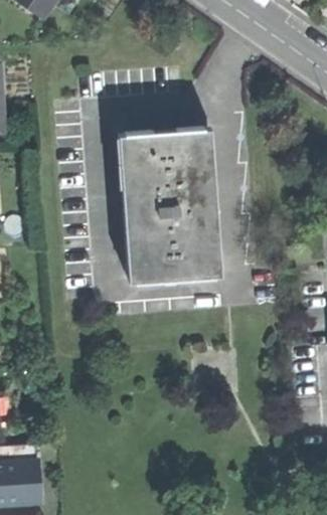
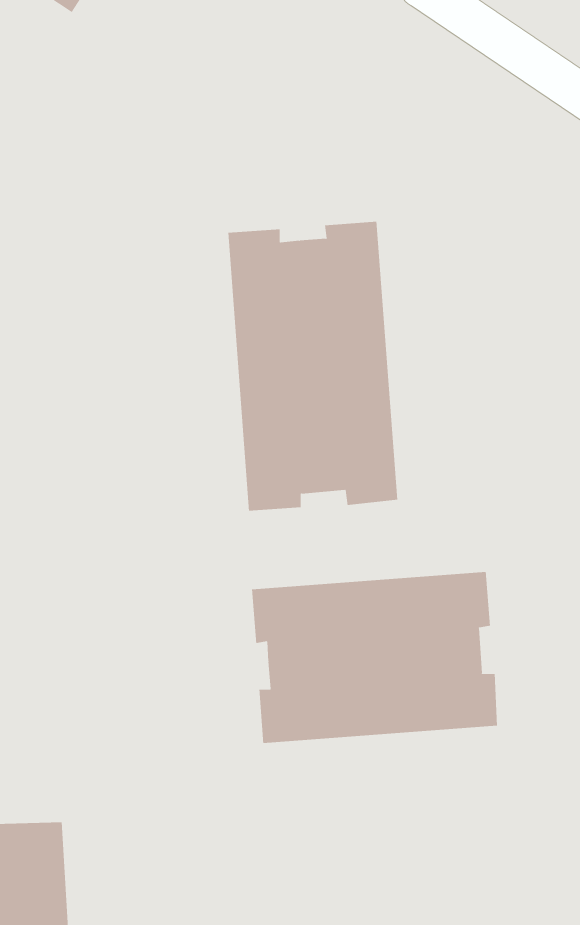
building: none -> [252,571,498,744]

